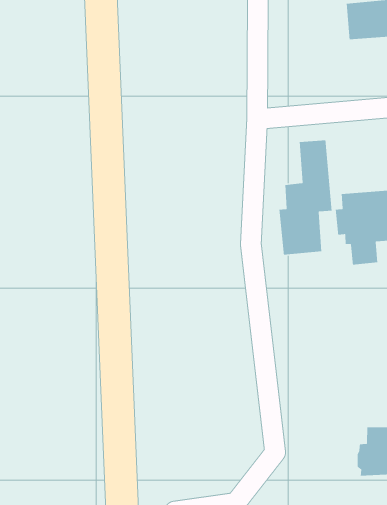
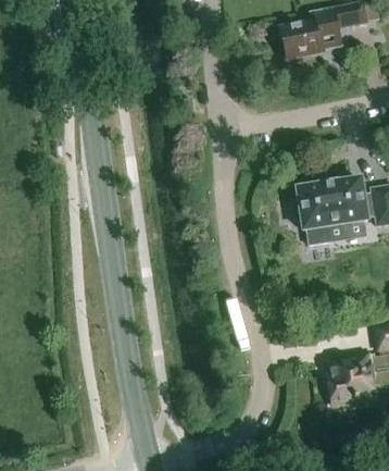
building: [278,140,333,255] -> none

